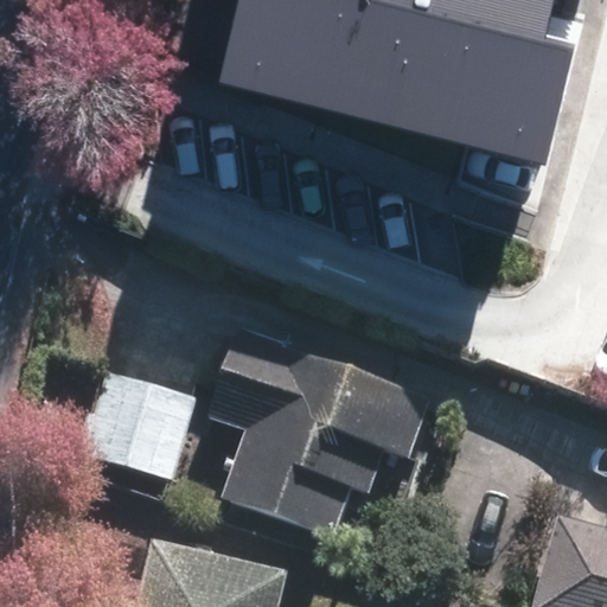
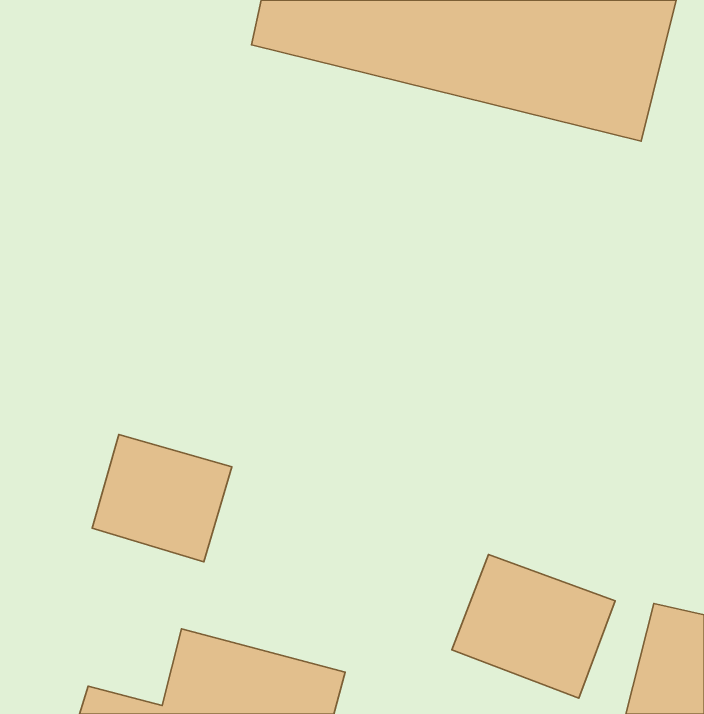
building: [207,340,430,550] -> none
building: none -> [452,555,615,698]

